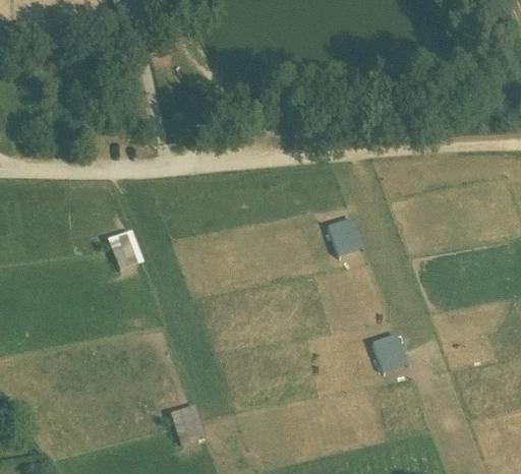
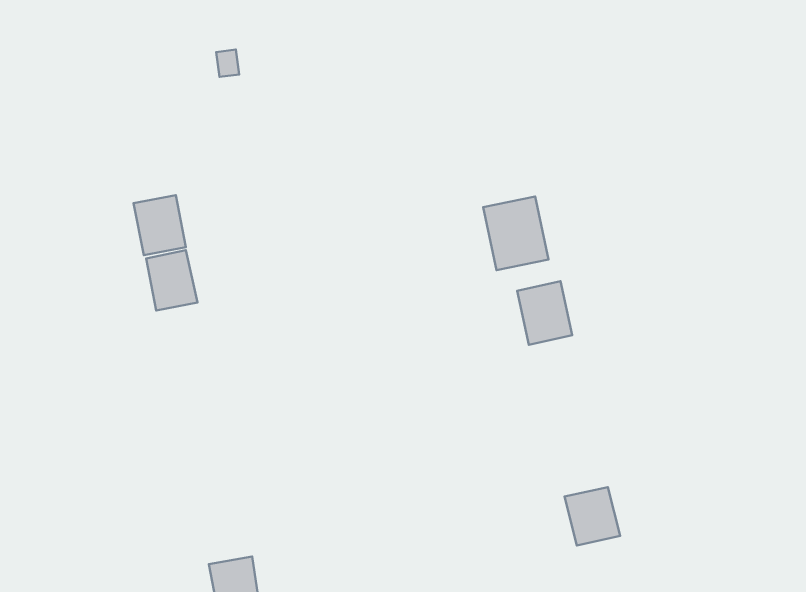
building: none -> [483,197,548,270]
building: none -> [134,195,186,255]

